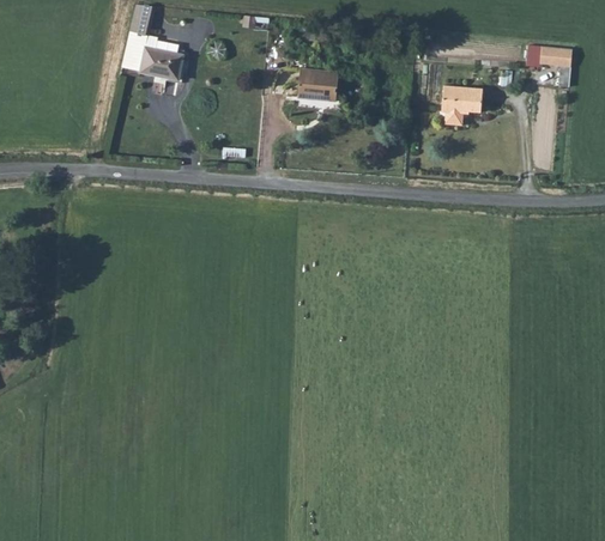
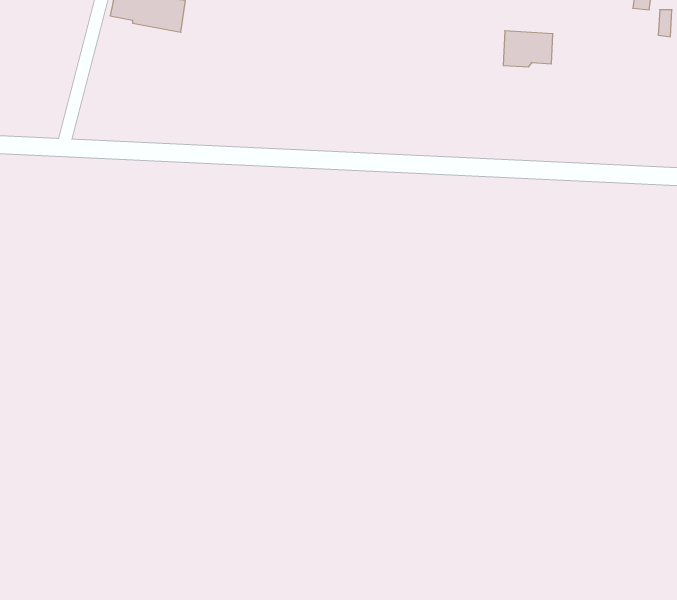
building: [298,69,338,102] -> none

